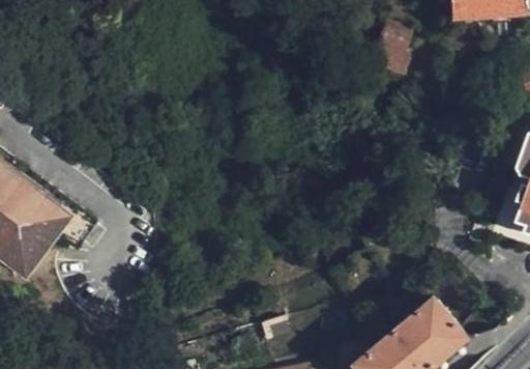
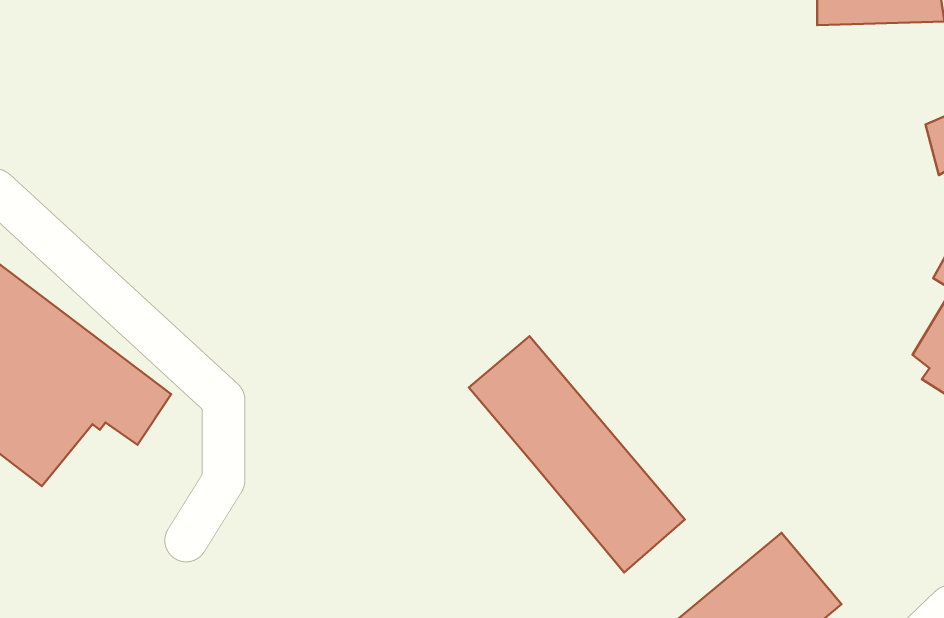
building: [376,20,412,74] -> none
building: none -> [469,336,685,573]

